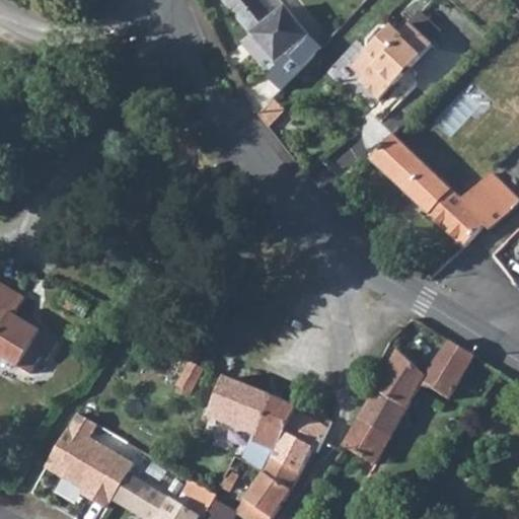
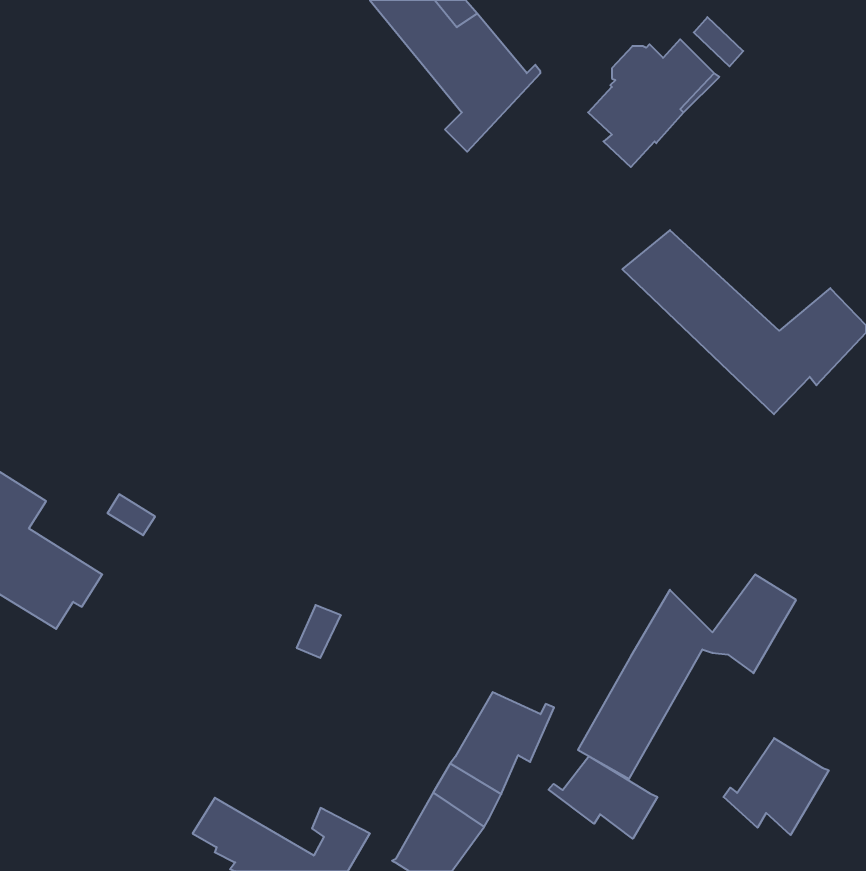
building: [207,375,295,450] -> none
building: [45,413,133,512] -> none
building: none -> [723,738,829,835]
building: none -> [549,756,657,839]

